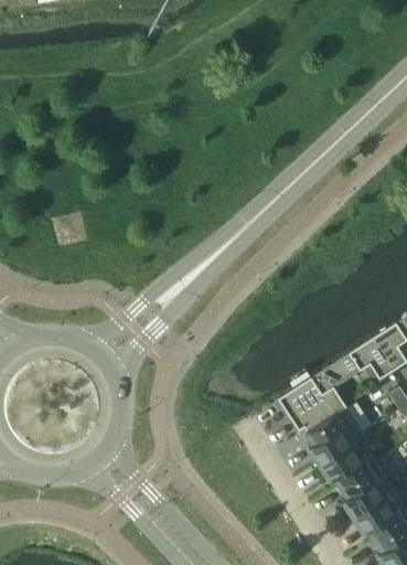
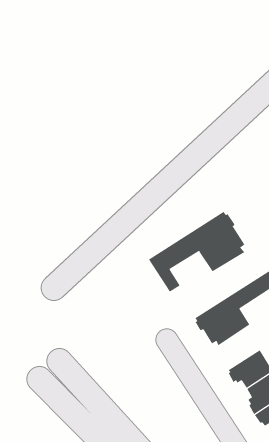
building: none -> [148,211,245,292]
building: [306,407,363,463] -> none

